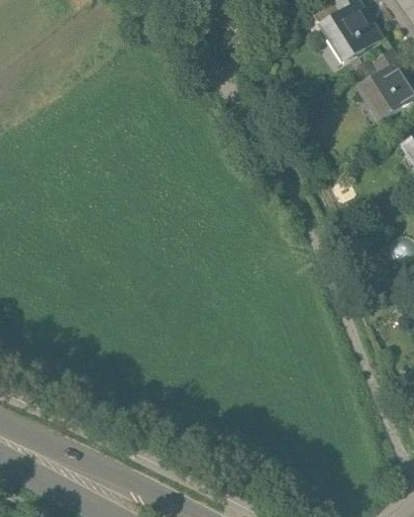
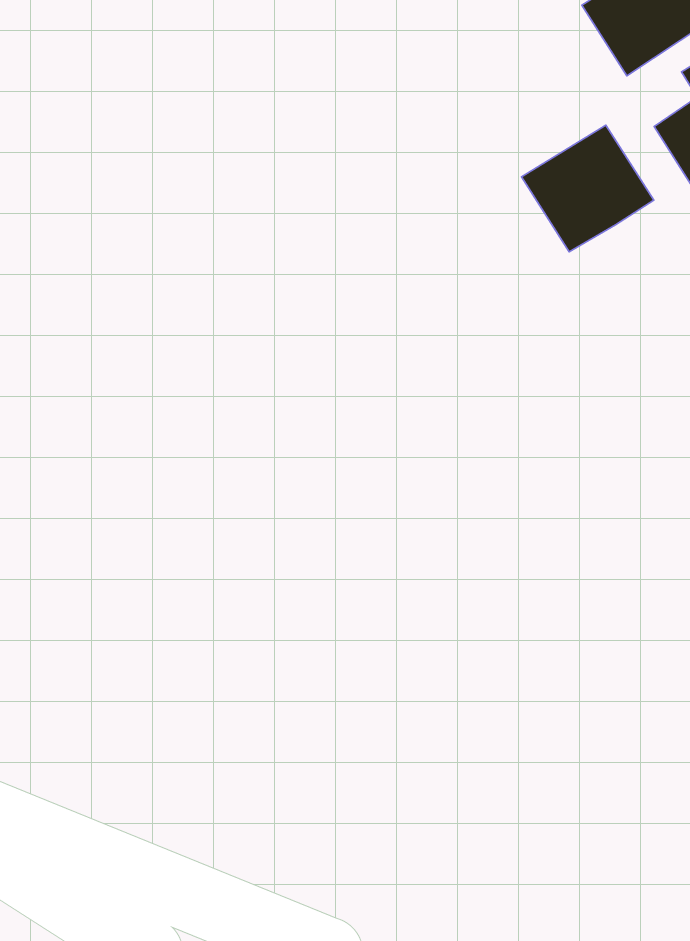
building: none -> [522,125,654,252]

